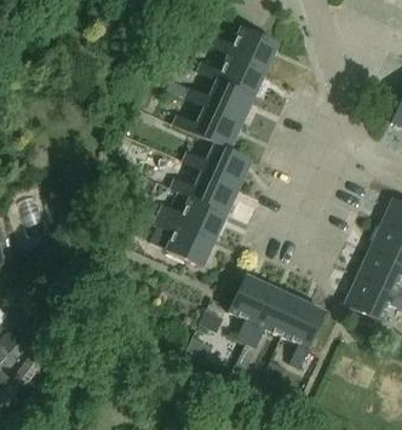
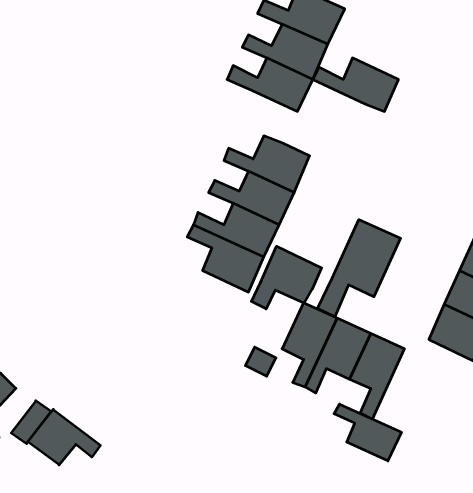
building: [173,107,241,149] -> [313,58,398,111]
building: none -> [317,220,401,317]
building: none -> [251,246,322,309]
building: none -> [334,404,401,461]
building: none -> [28,409,100,465]

